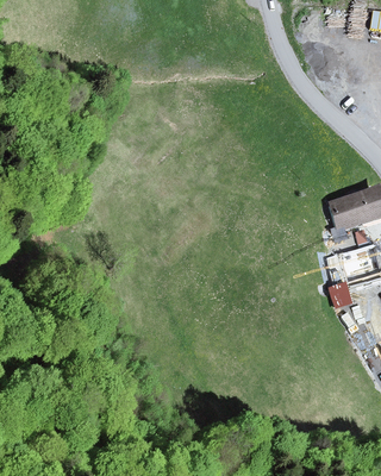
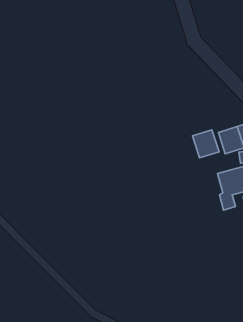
building: none -> [193,130,219,158]

